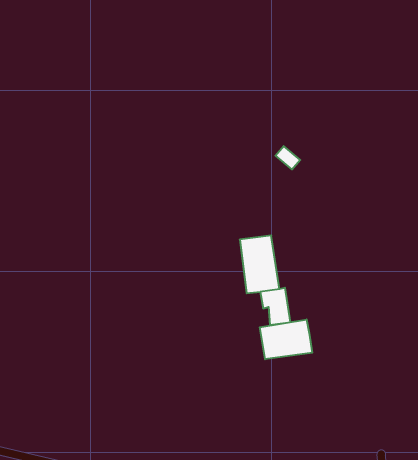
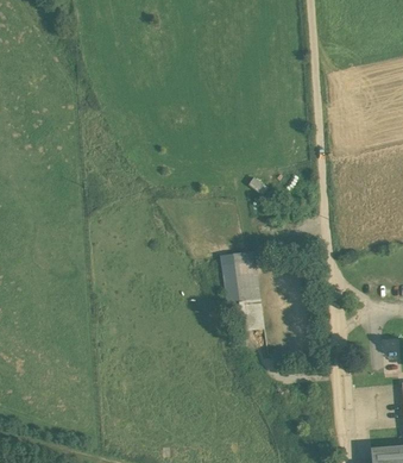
building: [260,319,312,359] -> none

